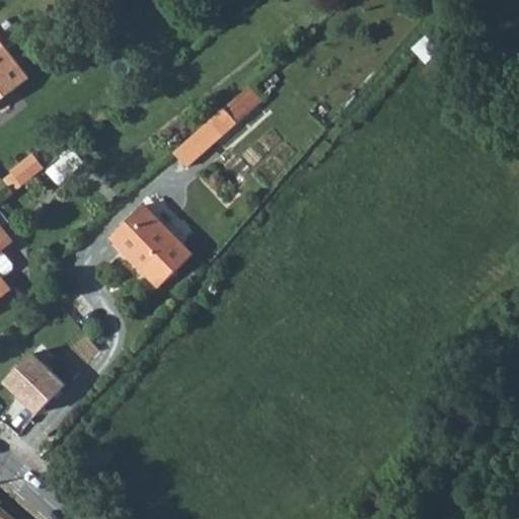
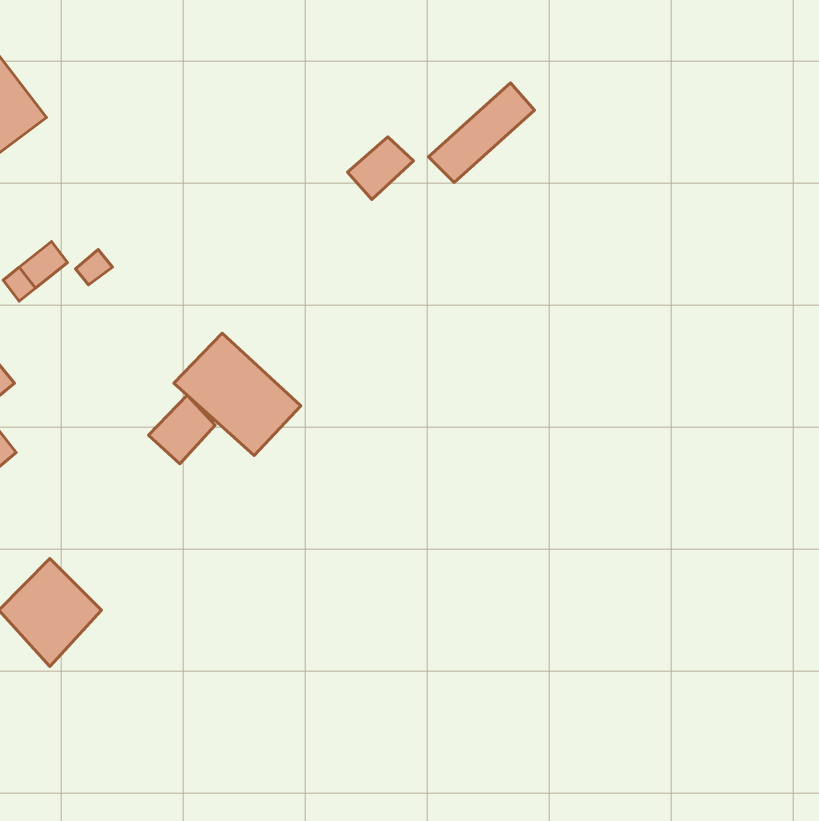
building: [167,108,234,171] -> [428,83,535,183]
building: none -> [148,395,215,464]

